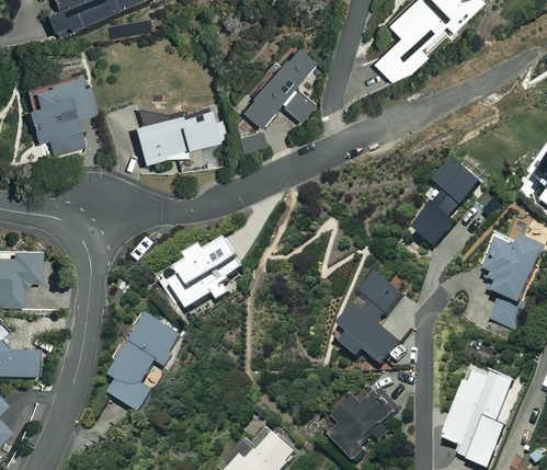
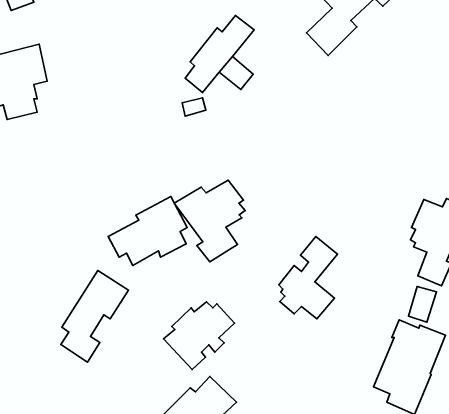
building: [134,108,224,159] -> none
building: [413,162,480,248] -> none
building: none -> [174,180,245,262]
building: none -> [408,286,436,322]
building: [323,388,399,460] -> [163,302,234,370]

